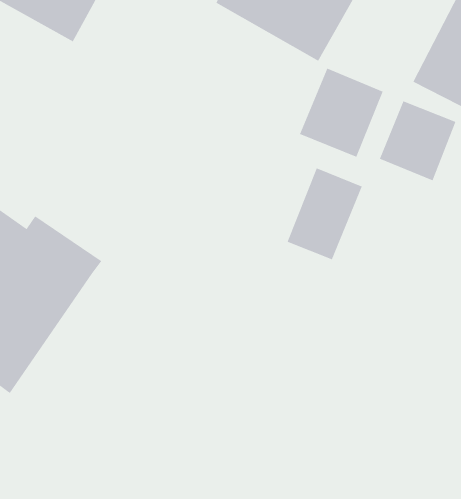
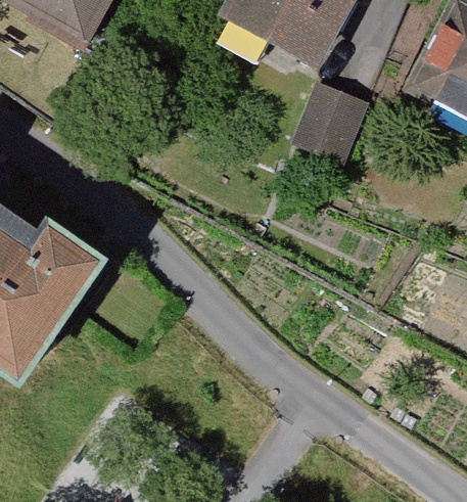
building: [379,100,456,181] -> none
building: [287,168,363,260] -> none

